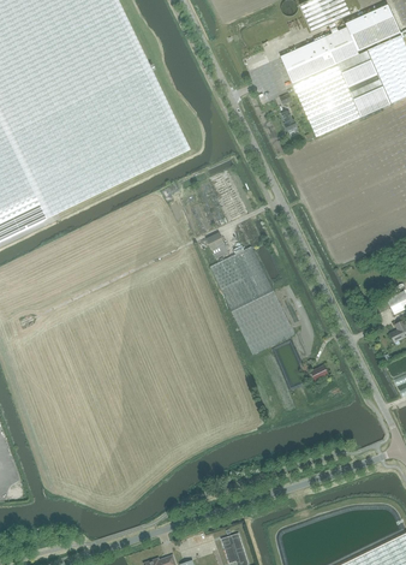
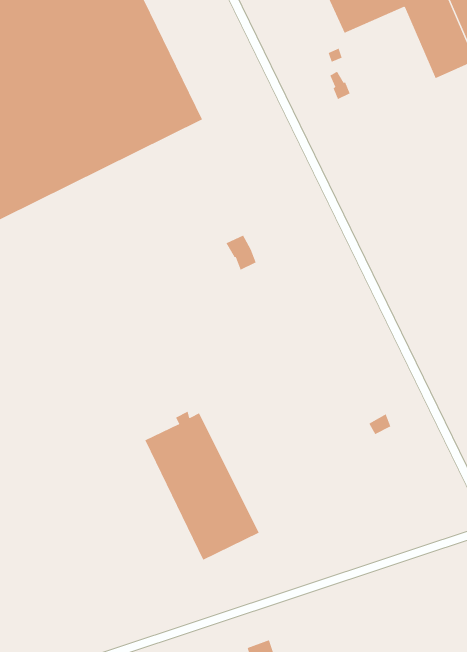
building: [292,64,359,136] -> none
building: [209,244,294,355] -> [144,411,260,560]

